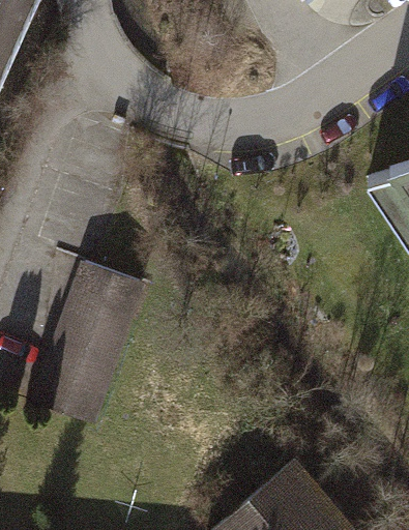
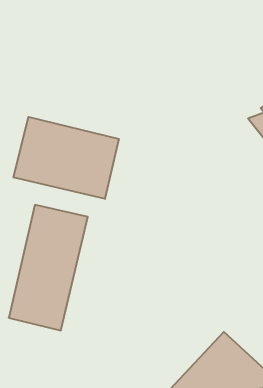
building: none -> [14,117,119,199]

